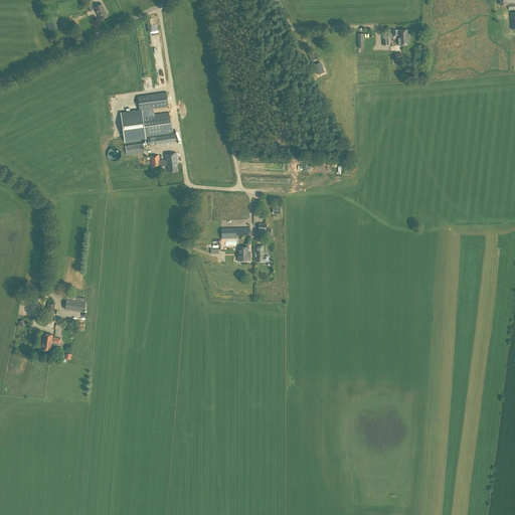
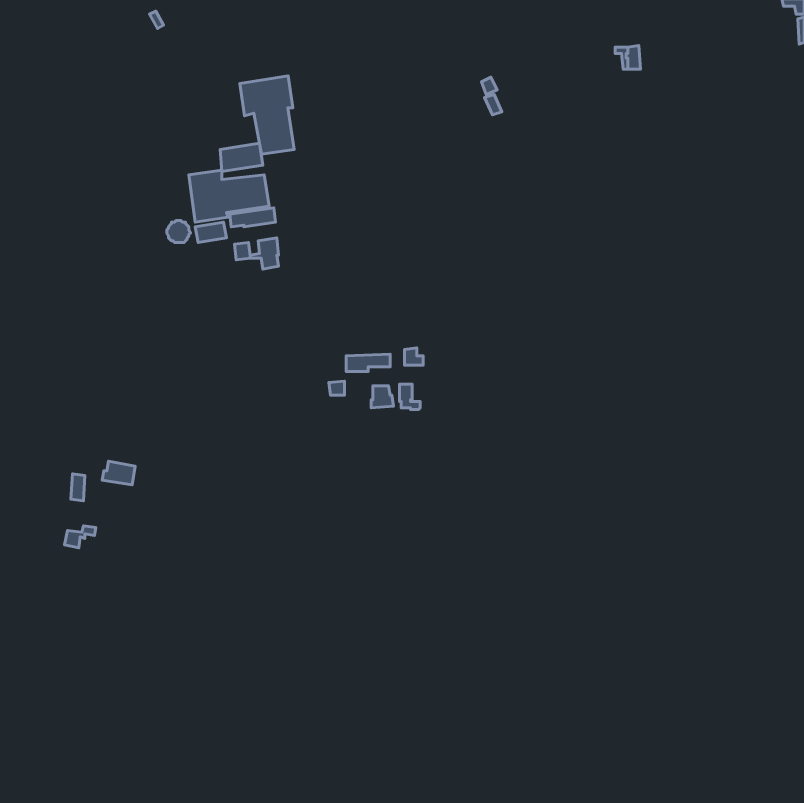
building: none -> [240,76,294,154]

